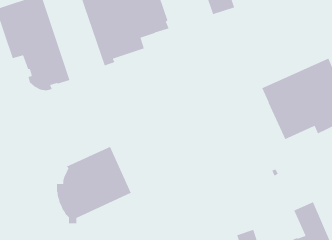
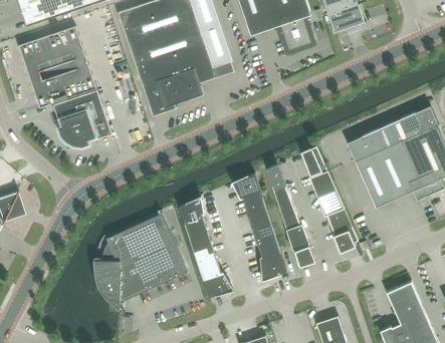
building: none -> [302,146,358,252]
building: none -> [266,164,313,267]
building: none -> [233,173,286,280]
building: none -> [179,197,232,298]

